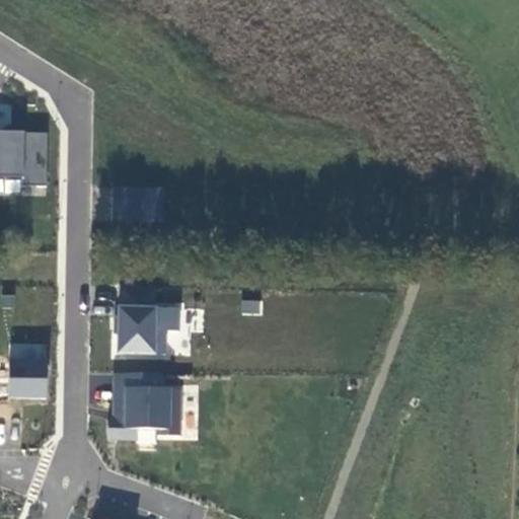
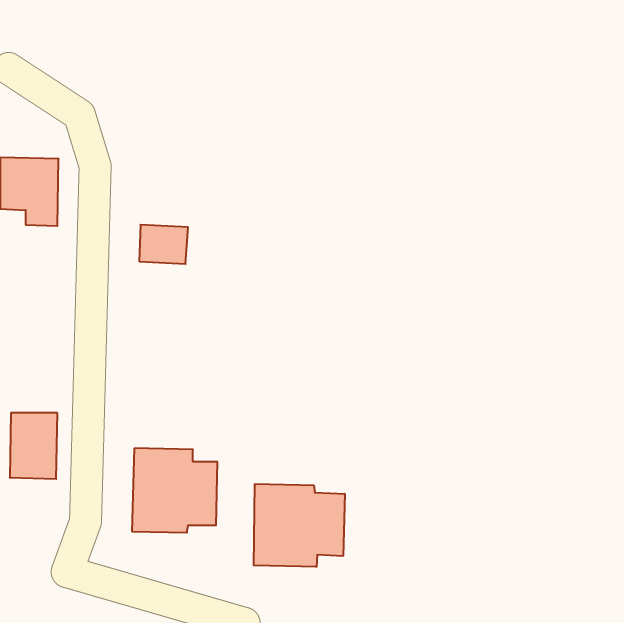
building: [112,301,182,358] -> none
building: none -> [254,484,345,567]

